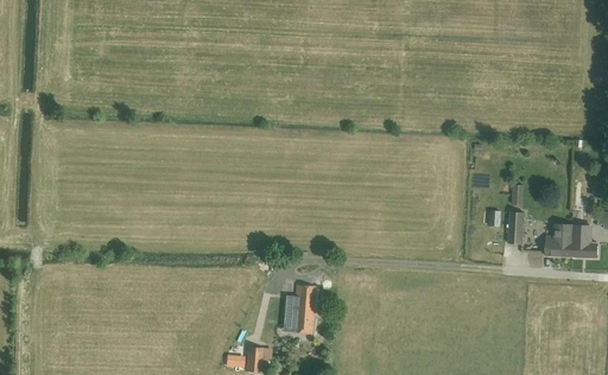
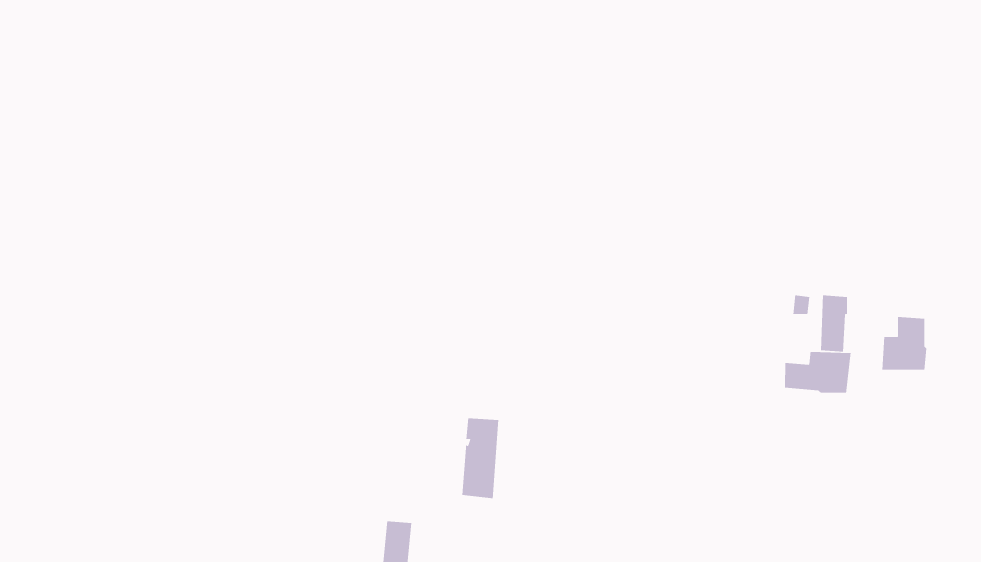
building: [570,224,597,256] -> none
building: none -> [784,351,851,393]

